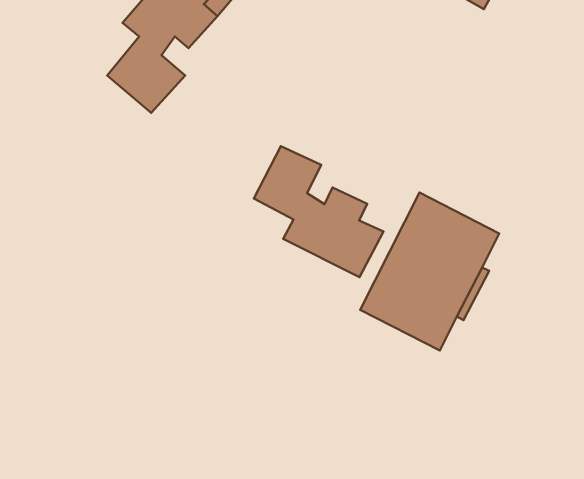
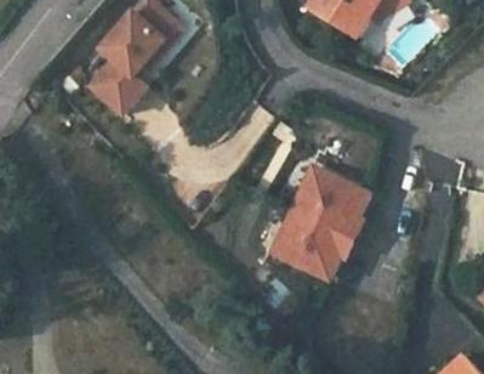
building: [254,146,383,277] -> none

